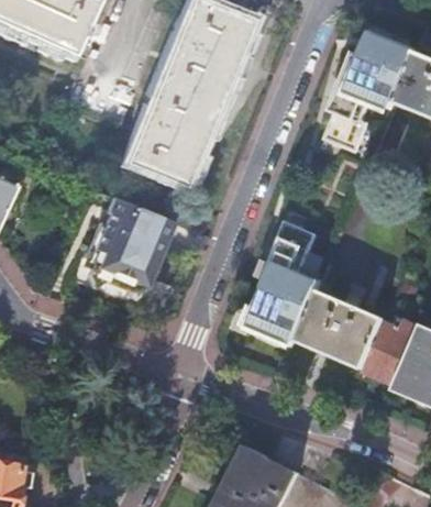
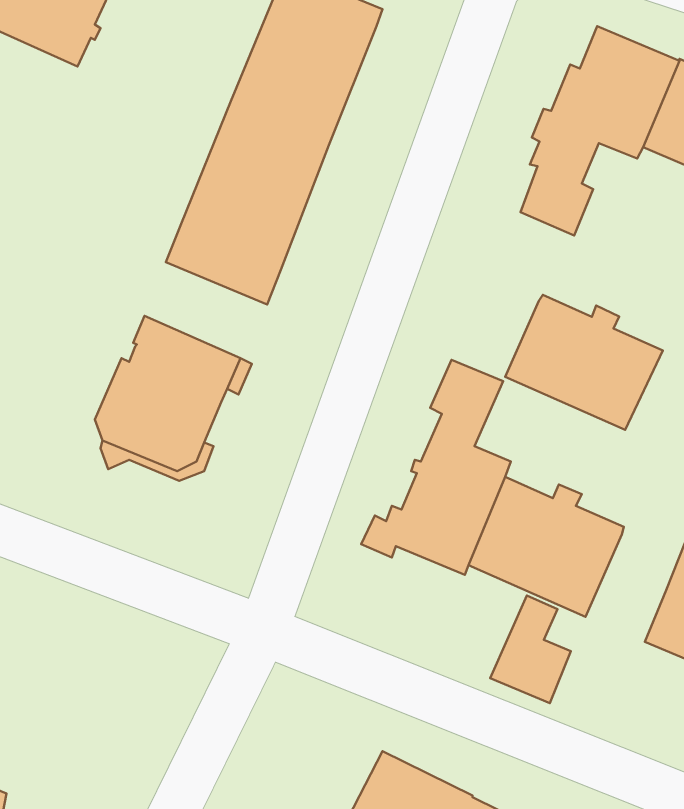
building: none -> [505,295,663,430]
building: [366,323,412,385] -> [490,596,571,703]

